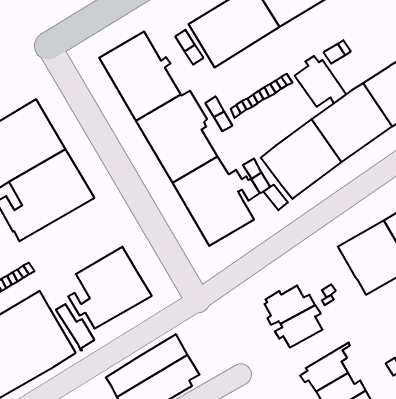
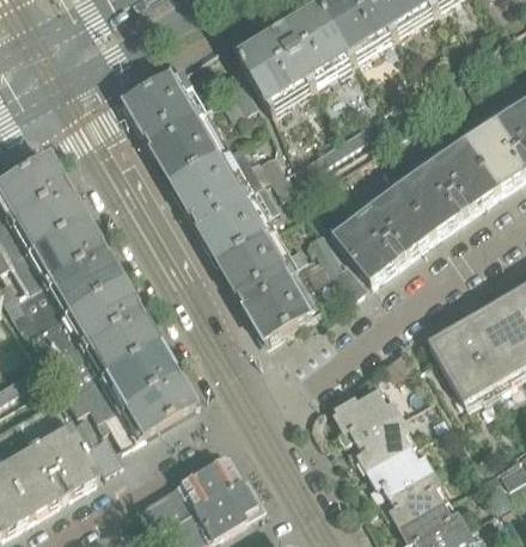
building: [295,56,346,107] -> none
building: none -> [25,281,157,397]
building: none -> [369,448,445,498]

